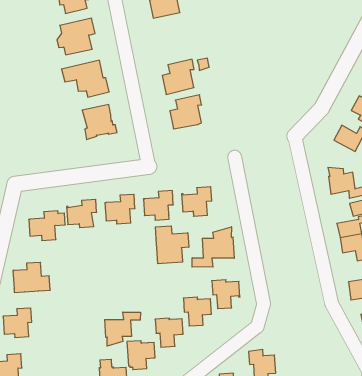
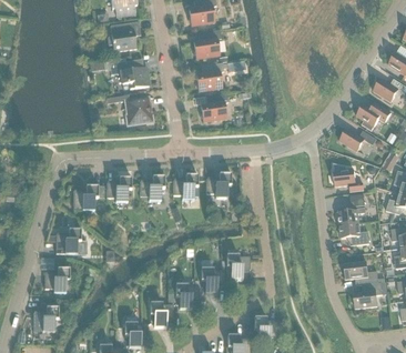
building: none -> [193,29,221,58]
building: [155,226,189,264] -> none
building: [192,227,234,267] -> none
building: [105,312,140,346] -> none

